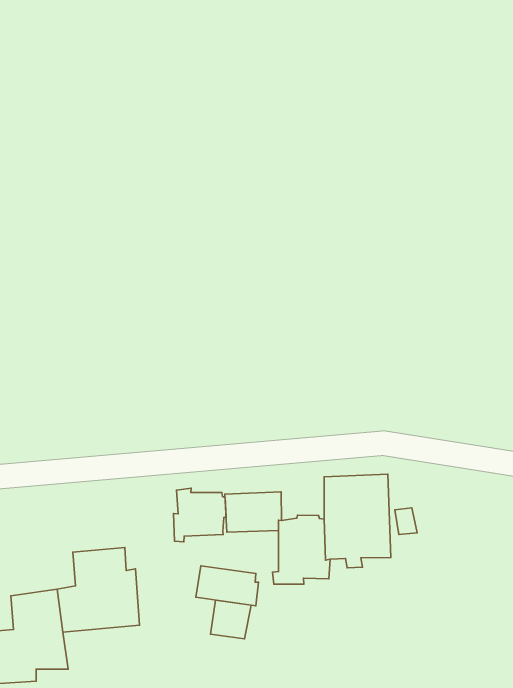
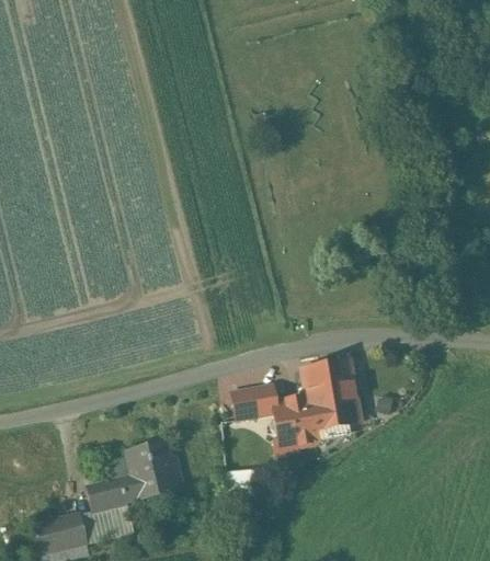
building: [173,488,226,542] -> none
building: [196,566,258,606] -> none

